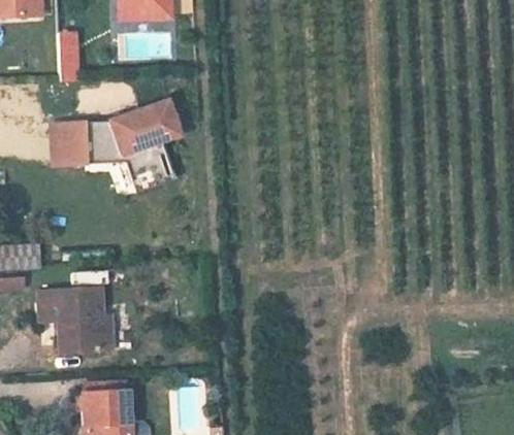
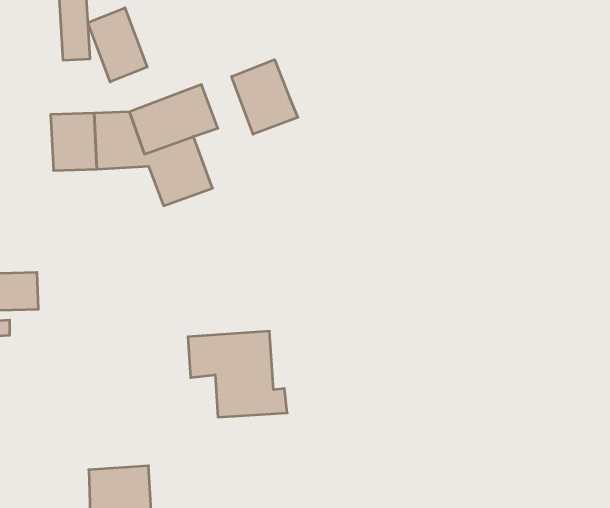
building: none -> [88,8,147,82]
building: none -> [232,60,298,134]
building: [36,287,111,352] -> [188,331,287,417]

